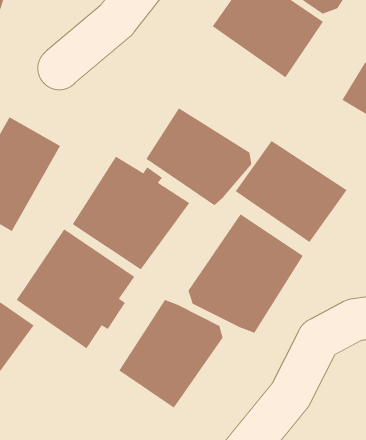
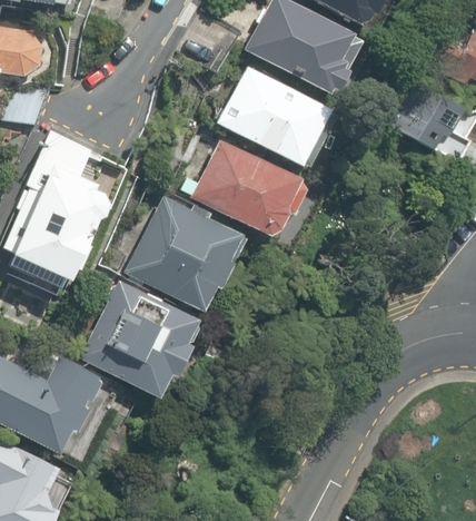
building: [235,140,348,243] -> [221,67,338,169]
building: [188,214,304,333] -> none
building: [118,299,223,408] -> none

